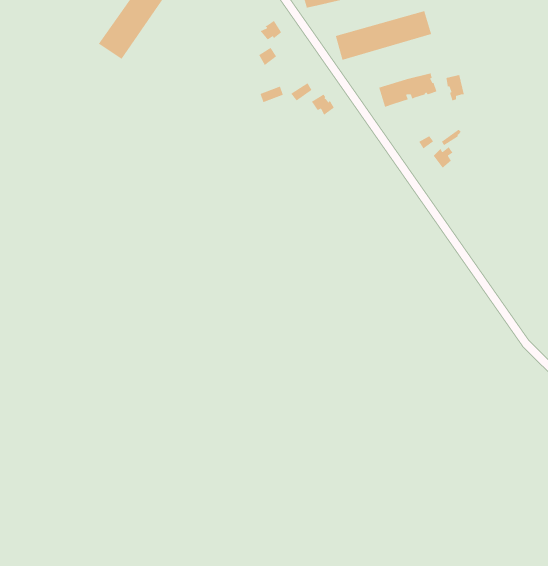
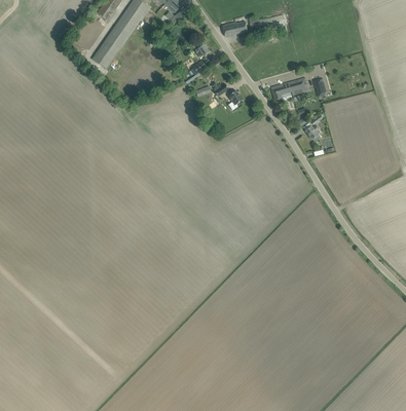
building: [335,10,432,61] -> none

